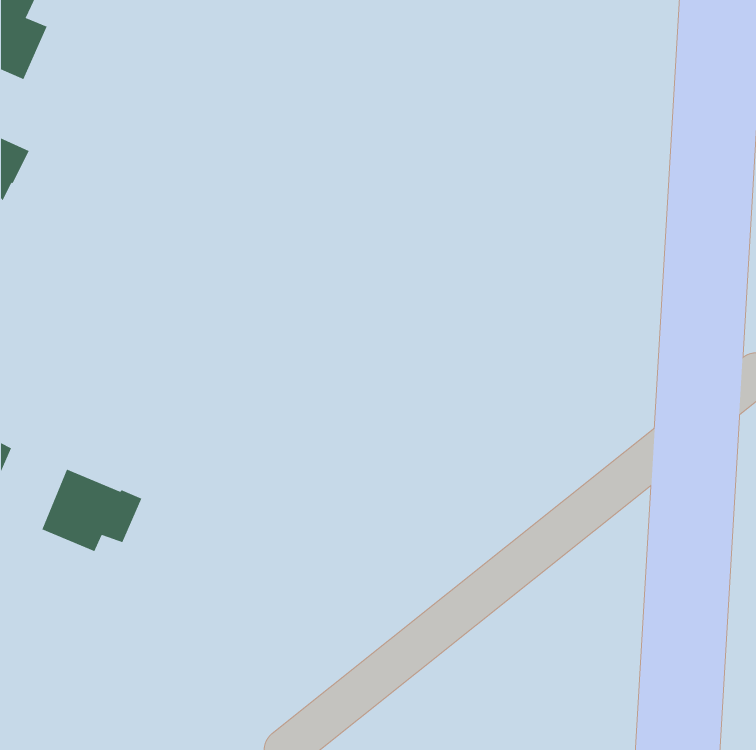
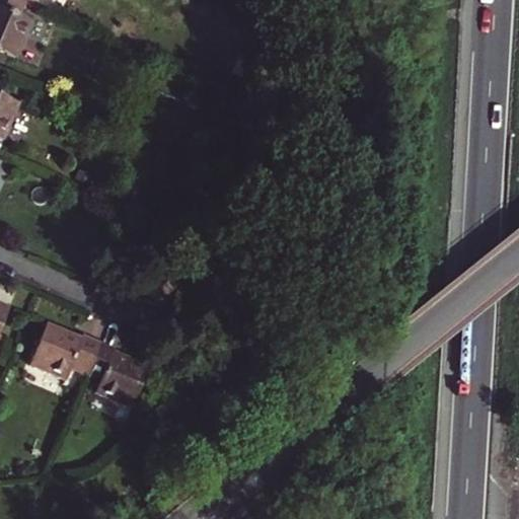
building: none -> [84,342,148,405]

